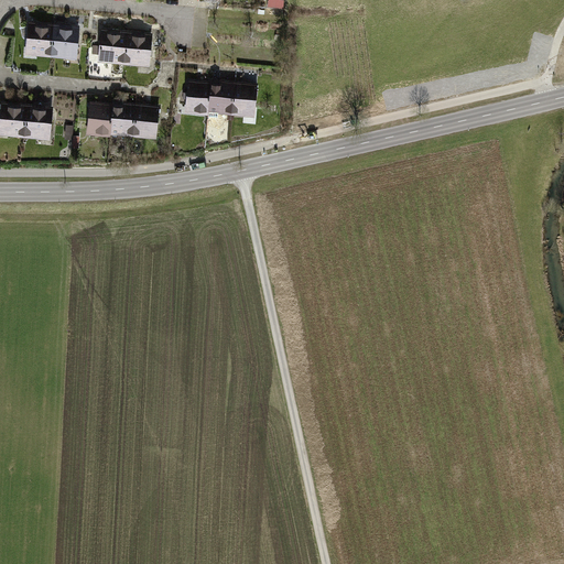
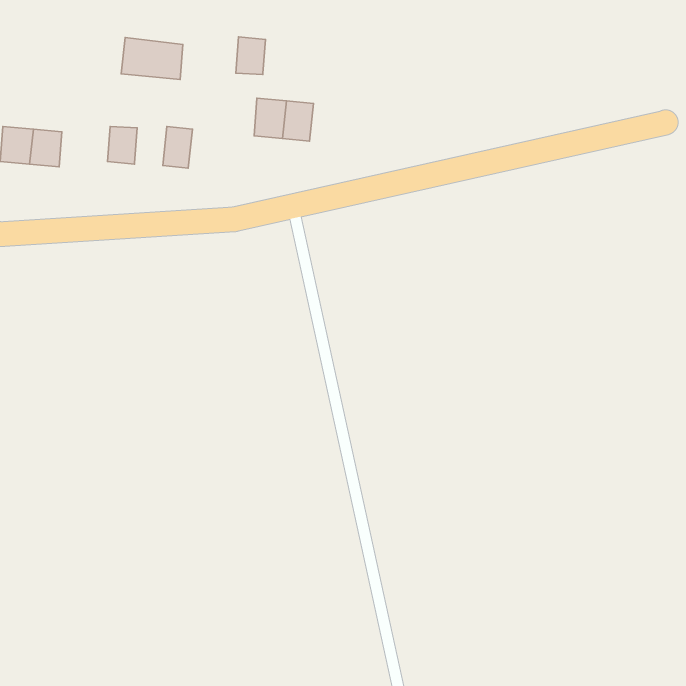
building: [26,25,77,58] -> none
building: [186,83,210,113] -> [236,37,265,74]
building: [110,104,137,137] -> none

